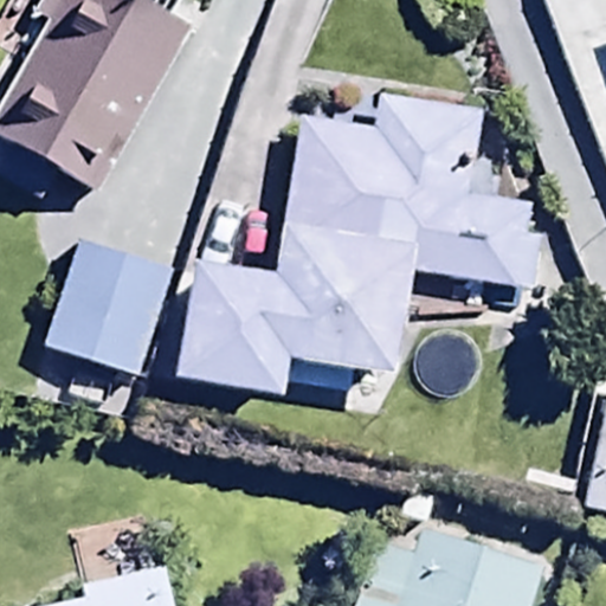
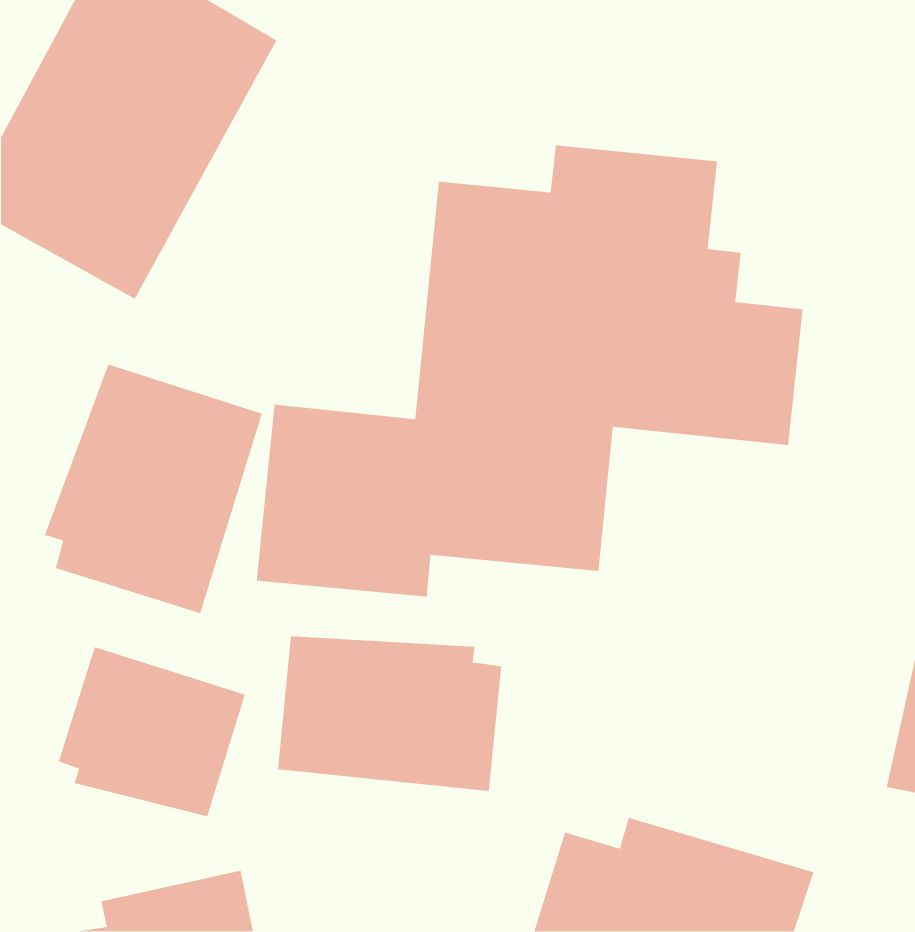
building: none -> [277,636,502,792]
building: none -> [58,646,246,817]

